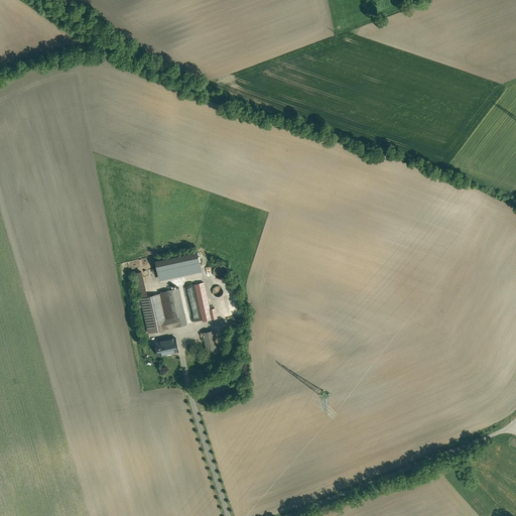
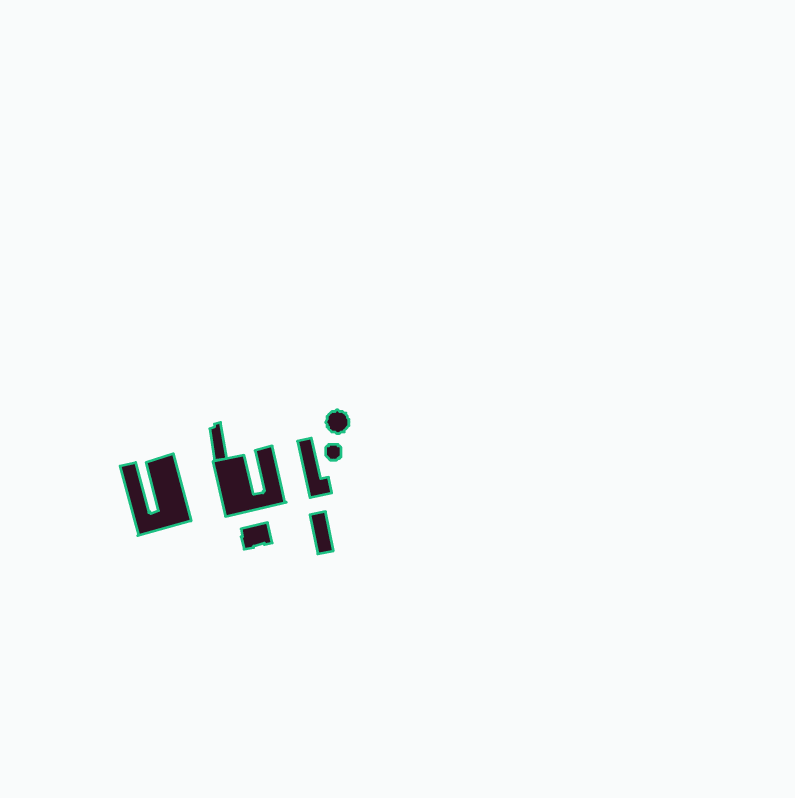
building: [155,252,202,280] -> none
building: none -> [120,454,191,536]

